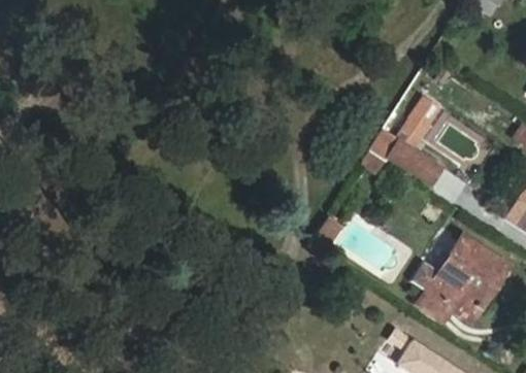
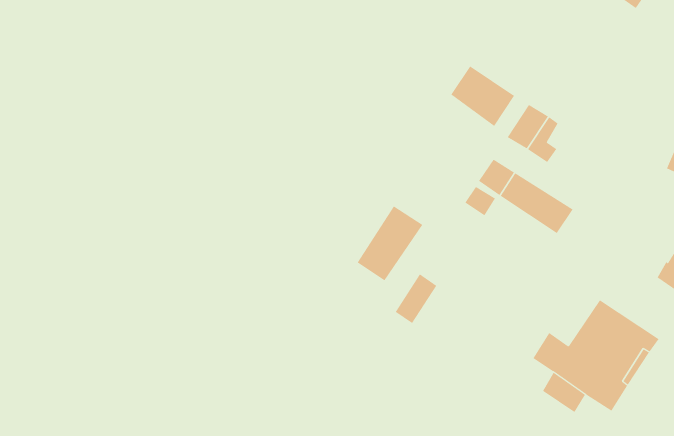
building: none -> [450,66,515,127]
building: none -> [357,206,423,281]

